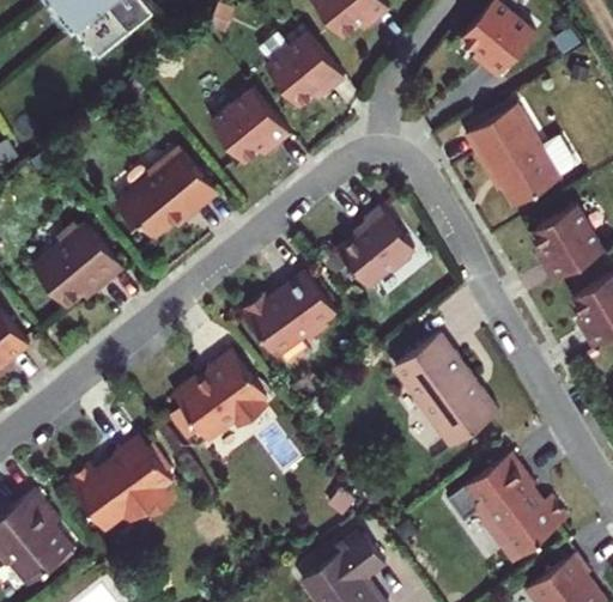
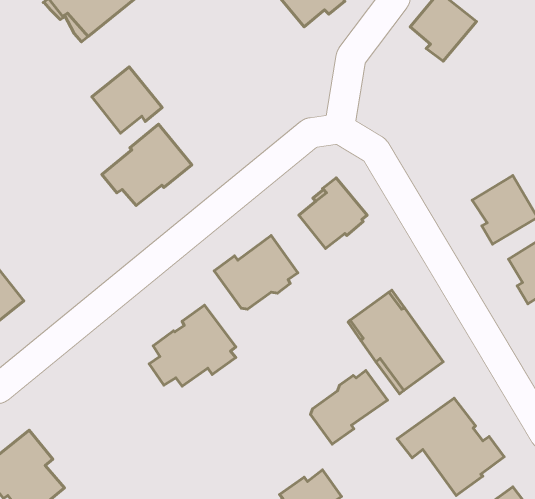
building: [259,32,344,107] -> none
building: [211,89,290,163] -> [92,67,162,133]
building: [466,105,576,208] -> none
building: [31,221,122,308] -> none
building: none -> [311,371,387,444]
building: [68,436,171,530] -> none

